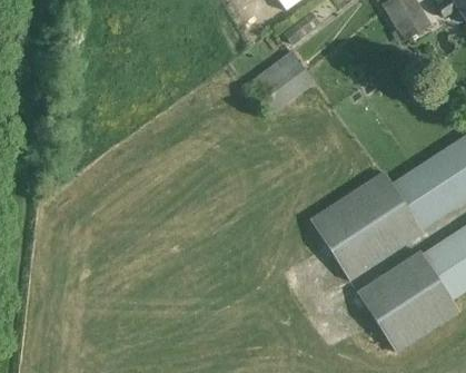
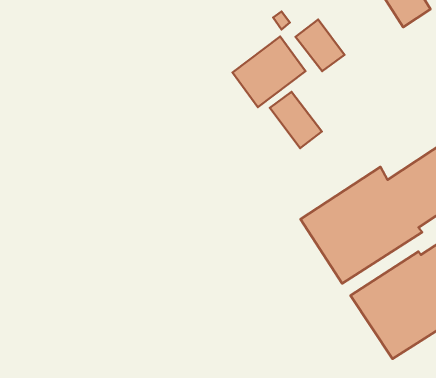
building: none -> [295,19,345,71]
building: none -> [270,92,322,148]

